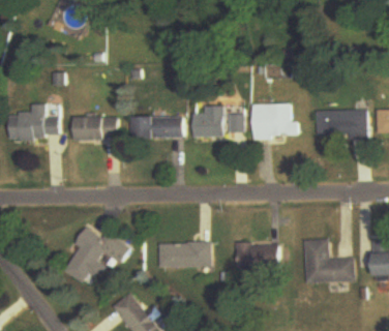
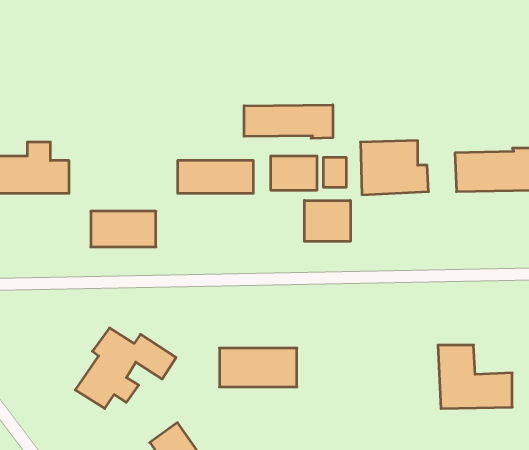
building: none -> [244,105,333,138]
building: [73,117,117,141] -> [91,211,156,247]
building: none -> [304,200,350,241]
building: [237,243,279,270] -> none

